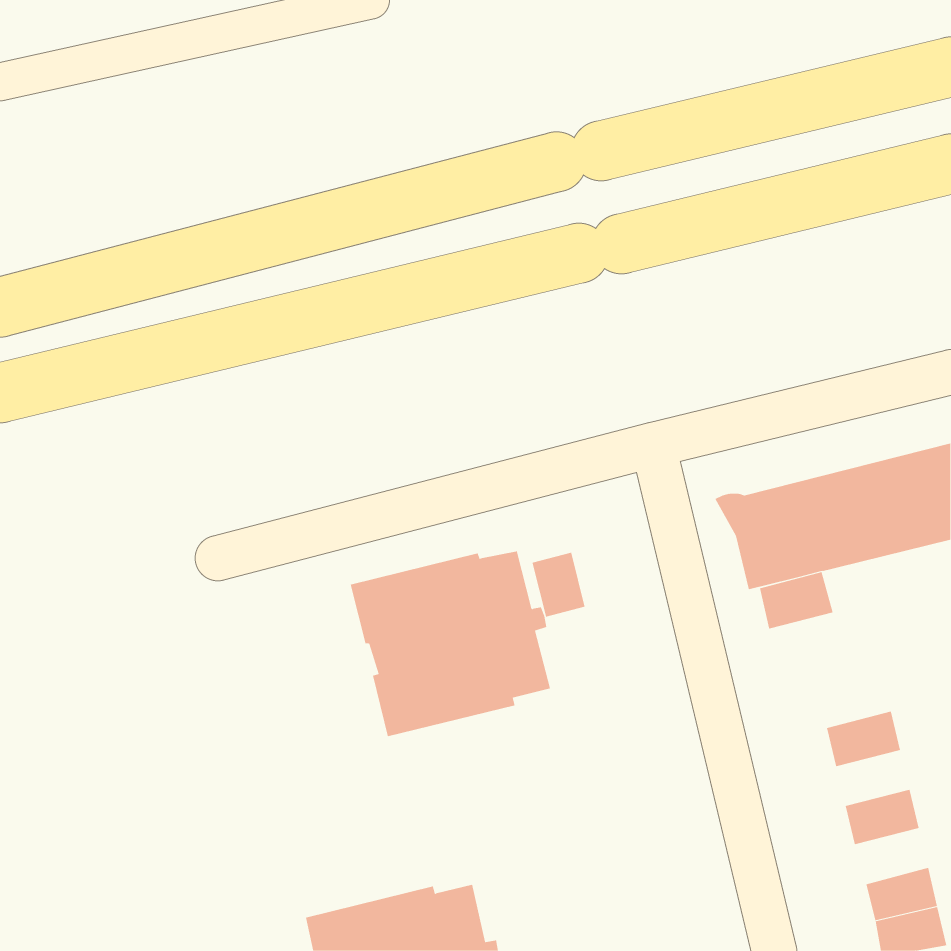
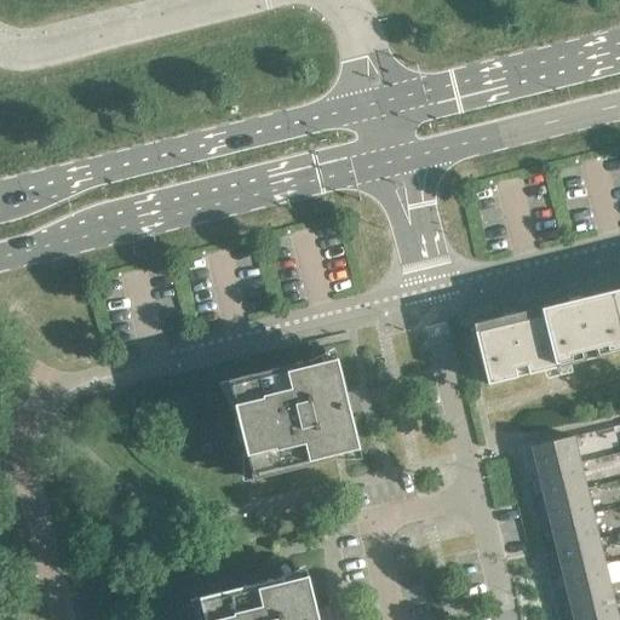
building: [532,552,585,618] -> none
building: [759,572,833,629] -> [532,436,580,473]
building: none -> [544,488,592,524]
building: none -> [556,539,604,575]

